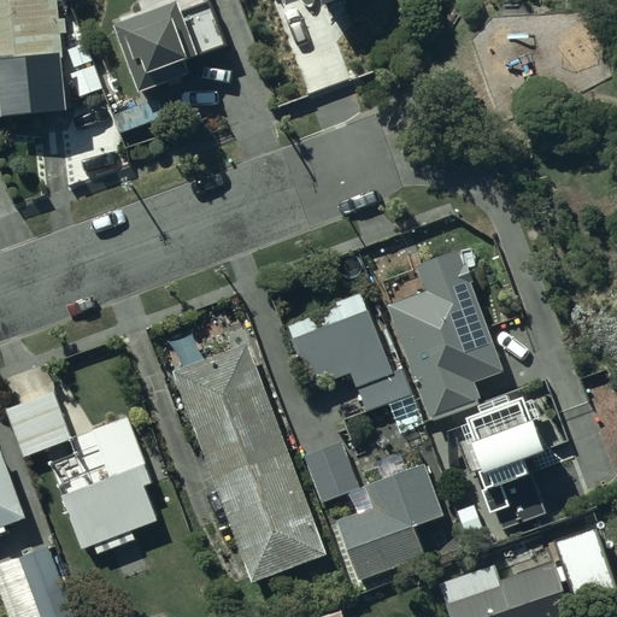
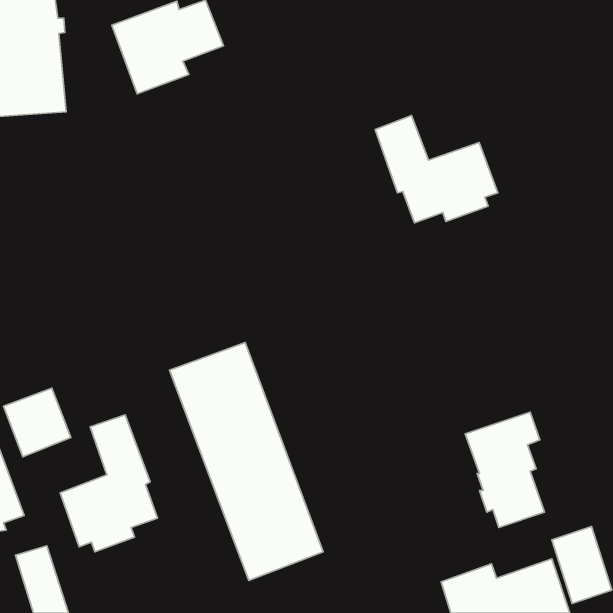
building: none -> [375,115,498,223]
building: [386,249,503,421] -> none
building: [290,310,411,412] -> none
building: [301,440,358,503] -> none
building: [335,463,441,580] -> none

